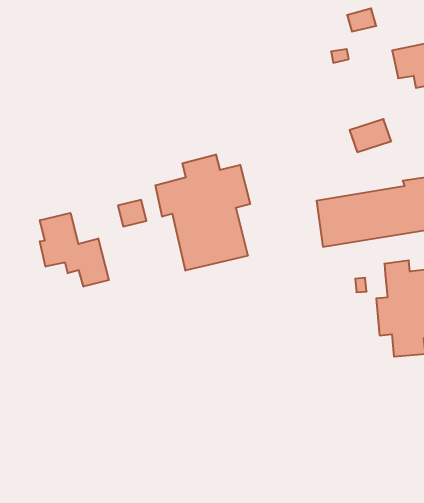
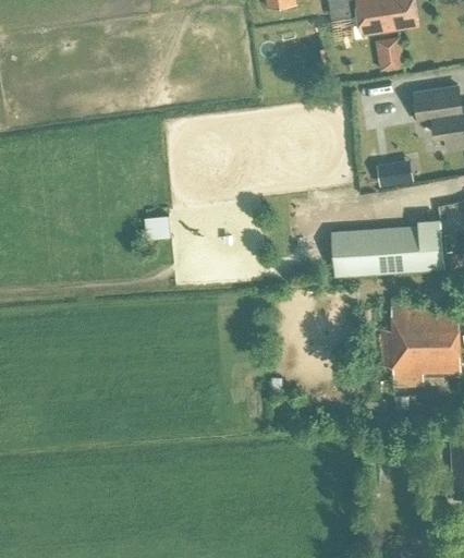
building: [155,154,250,271] -> none
building: [40,213,109,287] -> none

